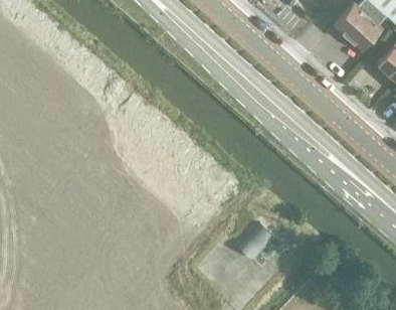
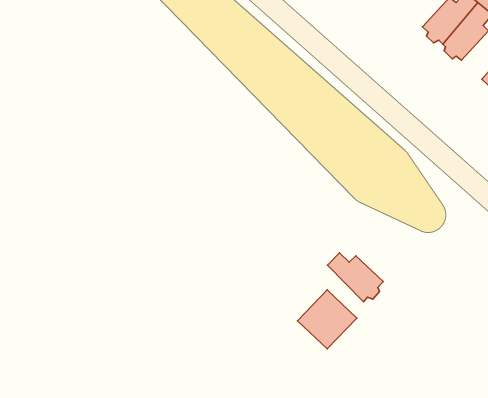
building: none -> [328,253,383,302]

